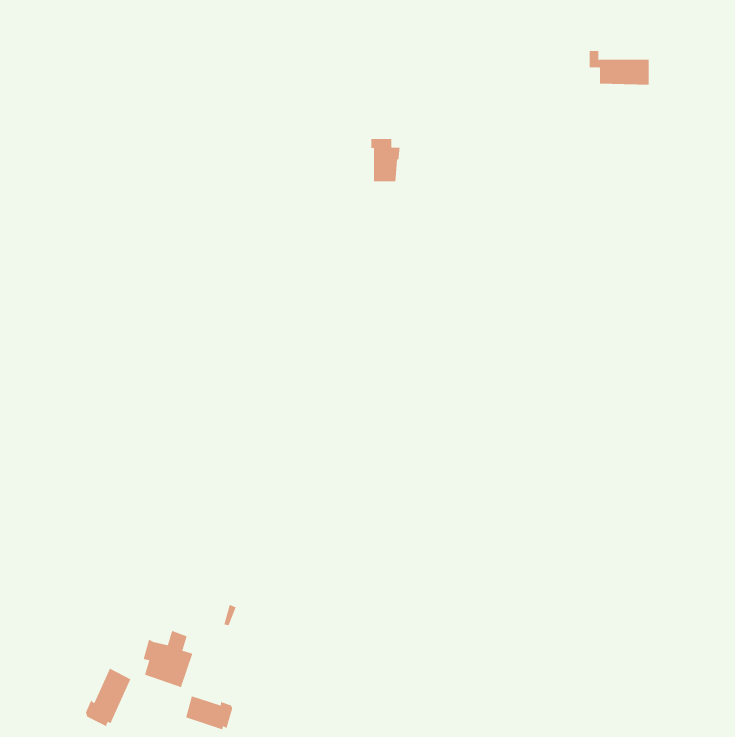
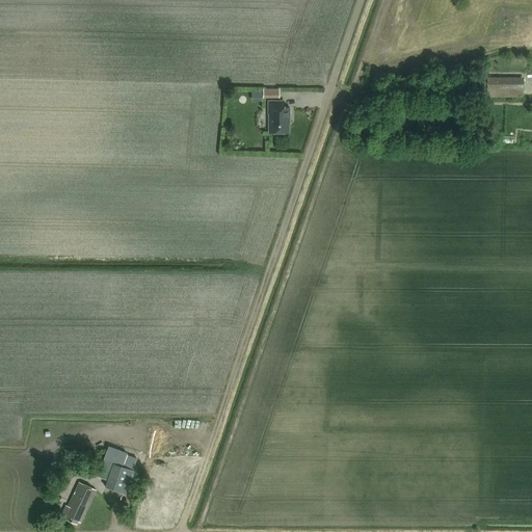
building: [589,51,649,85] -> [478,71,522,96]
building: [185,695,233,730] -> none

